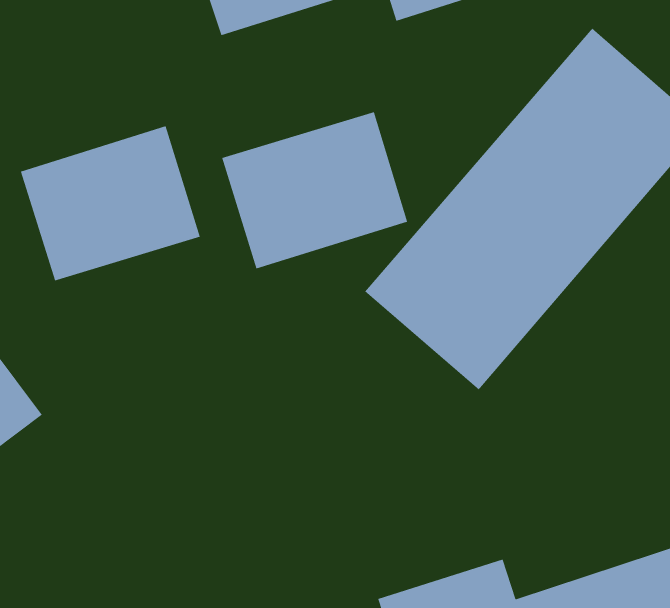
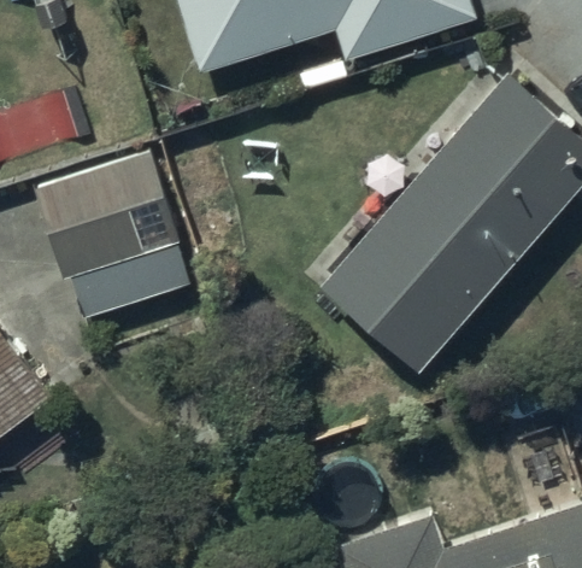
building: [221,111,408,270] -> none

